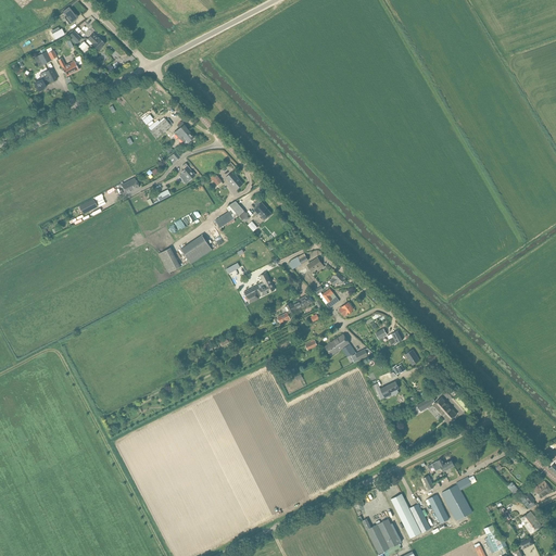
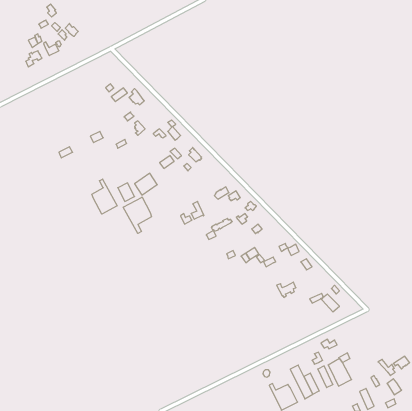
building: none -> [92,179,117,214]
building: none -> [123,197,152,233]

